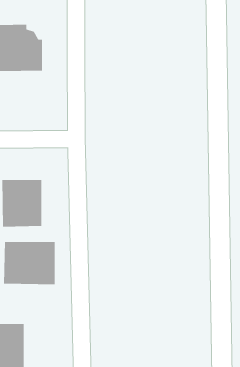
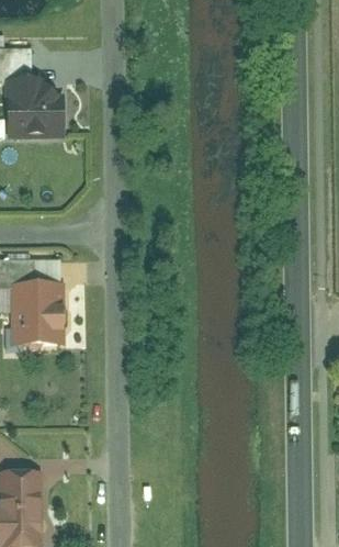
building: [3,241,55,285] -> none

